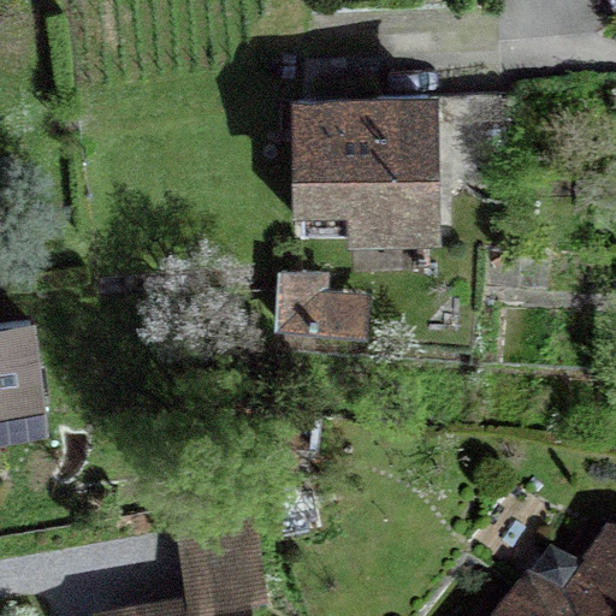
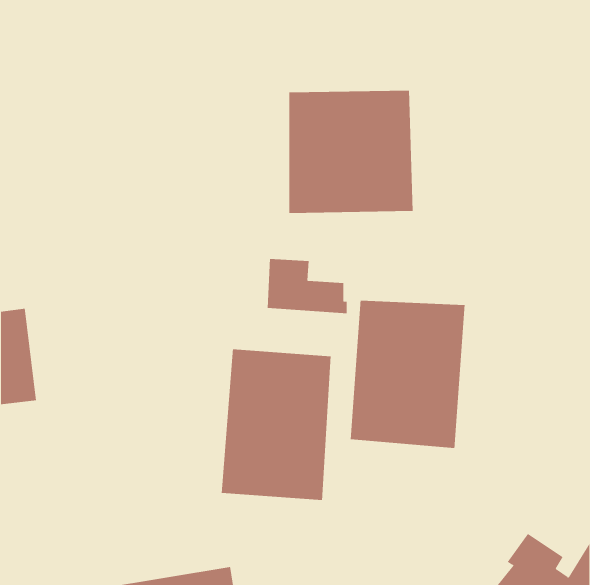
building: none -> [350,300,465,449]
building: none -> [221,349,331,501]

